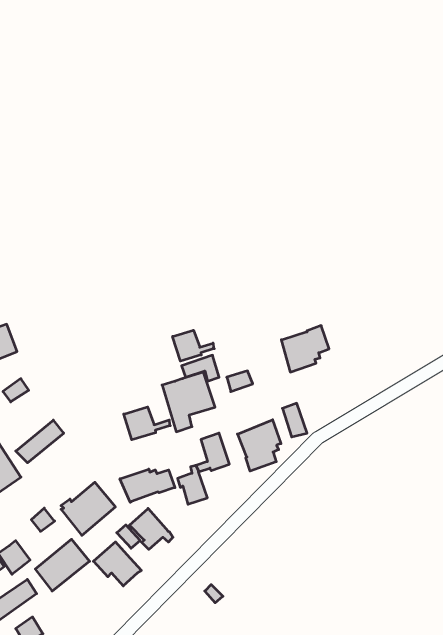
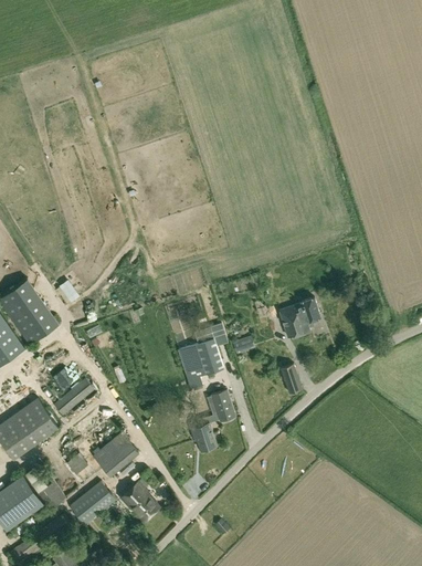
building: [173,330,214,361] -> none
building: [124,407,170,440] -> none
building: [237,420,281,471] -> none
building: [120,469,175,502] -> none
building: [129,508,173,549] -> none

